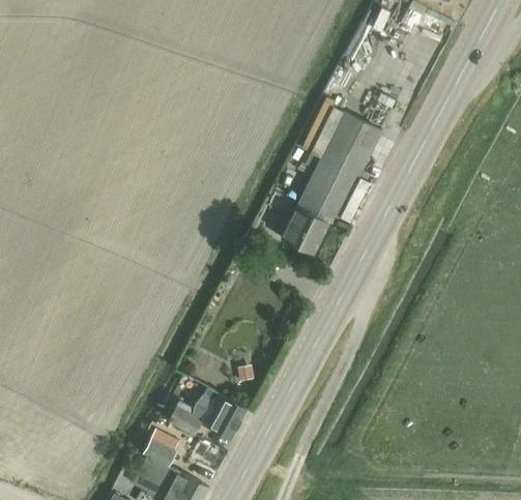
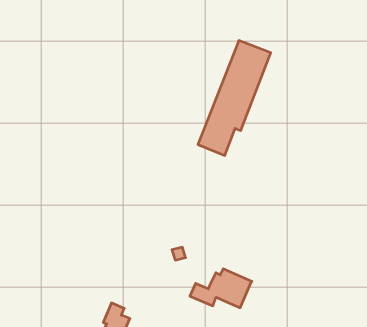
building: [168,388,248,439] -> [190,269,252,308]

